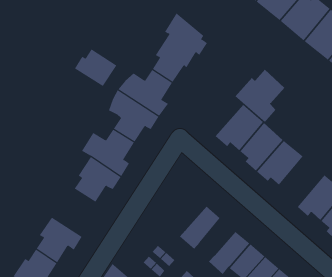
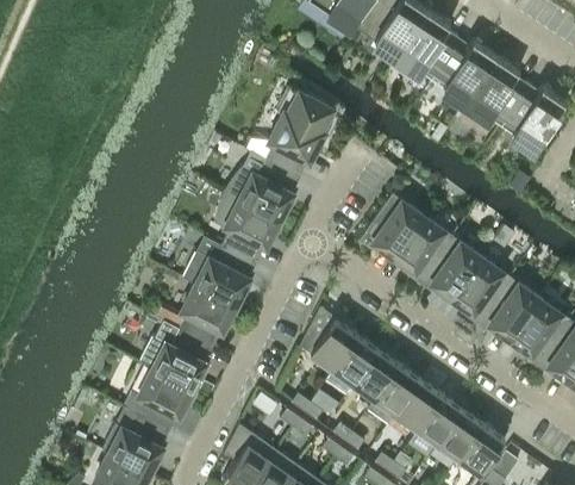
building: [74,48,117,87] -> none
building: [235,69,285,123] -> none
building: none -> [451,256,510,324]
building: none -> [139,329,210,392]
building: none -> [299,319,357,369]
building: none -> [354,349,399,399]

